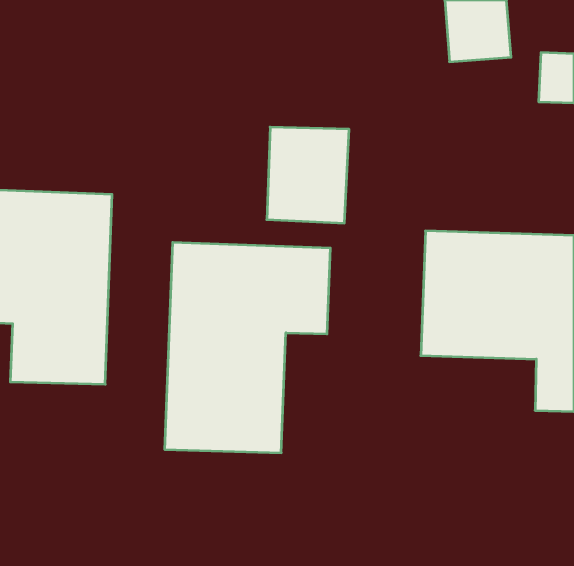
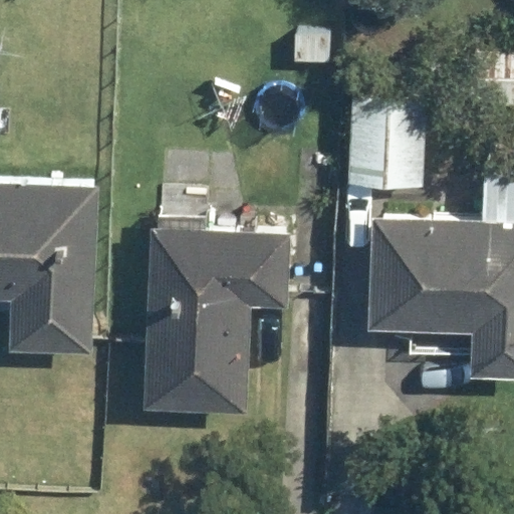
building: [267,127,349,223] -> [348,104,421,189]

